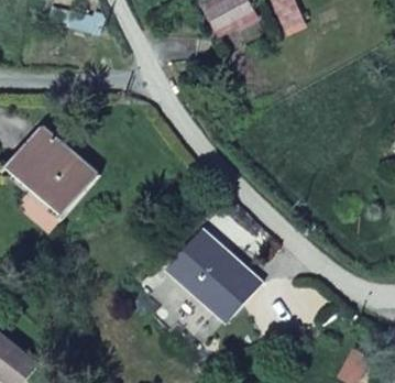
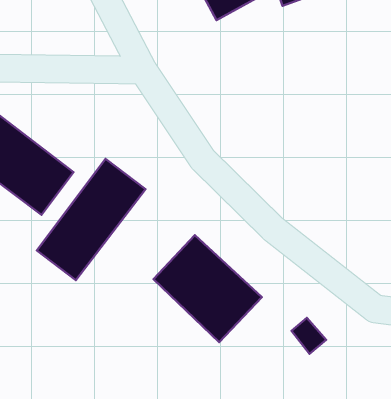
building: none -> [37,159,146,280]

